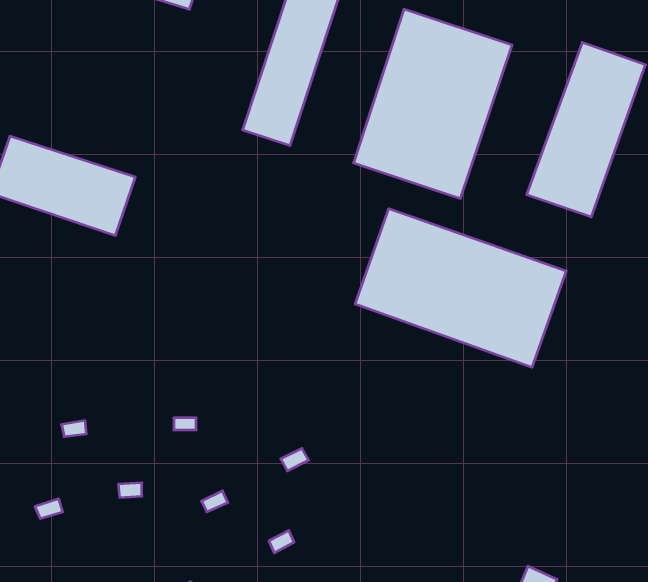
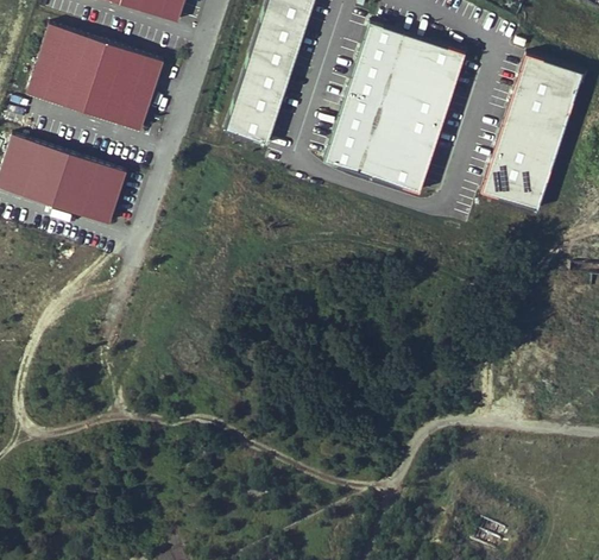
building: none -> [24,19,158,124]
building: [355,209,566,367] -> none

